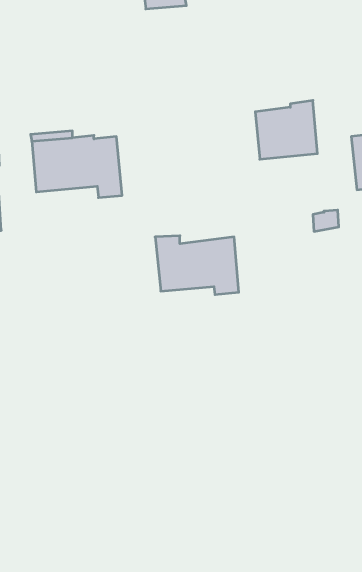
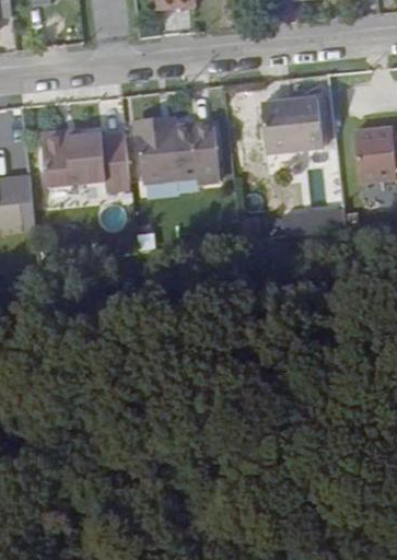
building: [155,236,239,295] -> [140,127,221,184]

